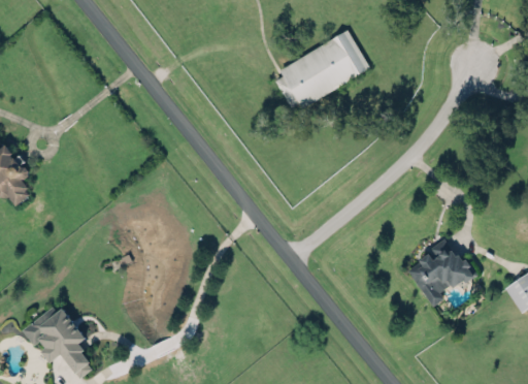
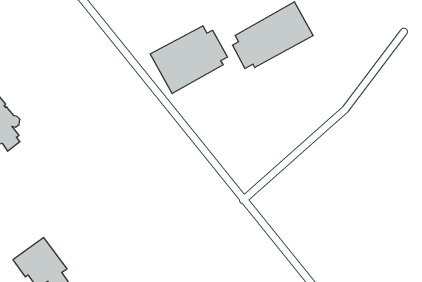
building: none -> [150,26,228,94]
building: [406,237,476,306] -> none

